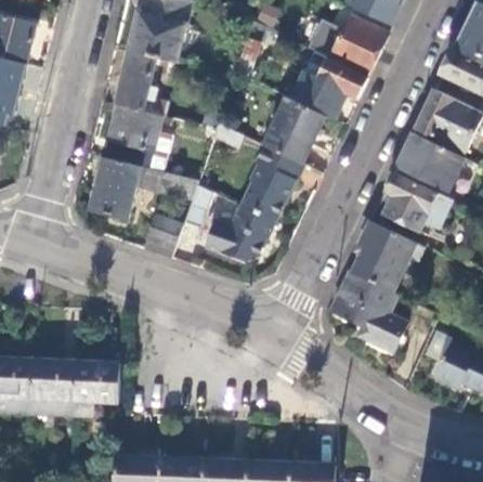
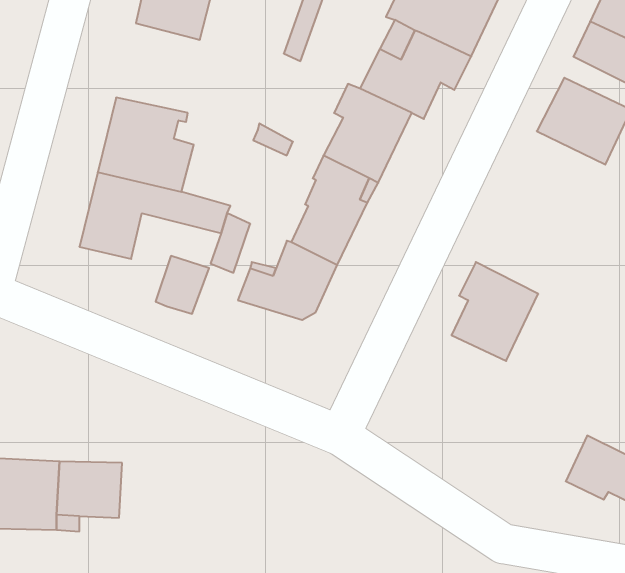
building: [116,50,171,114] -> none
building: [396,132,464,191] -> none
building: [383,171,452,232] -> none
building: [331,270,407,350] -> none

